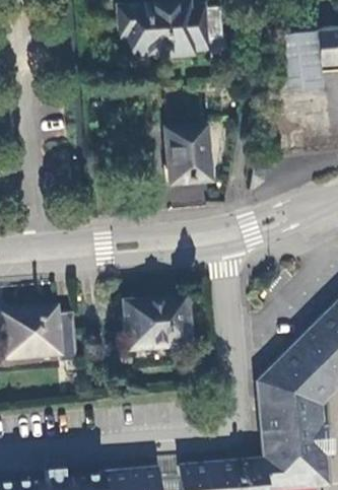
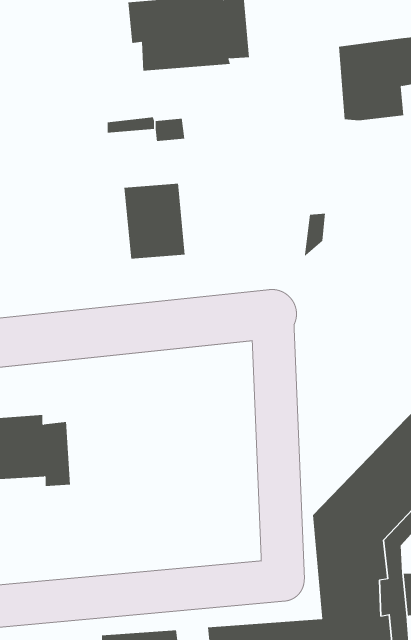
building: [165,128,211,184] -> [124,183,186,259]
building: [124,302,192,353] -> none

